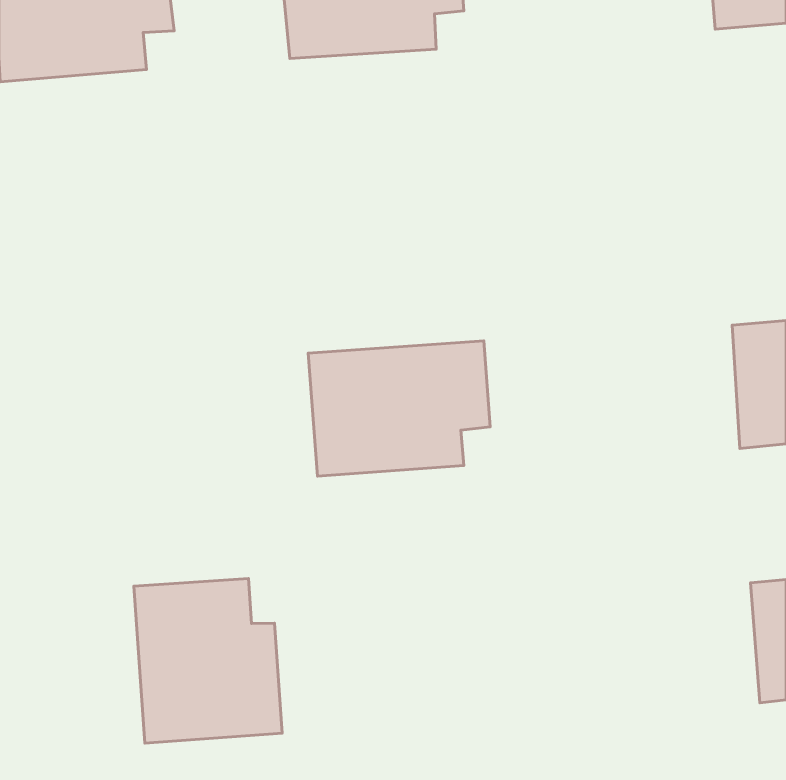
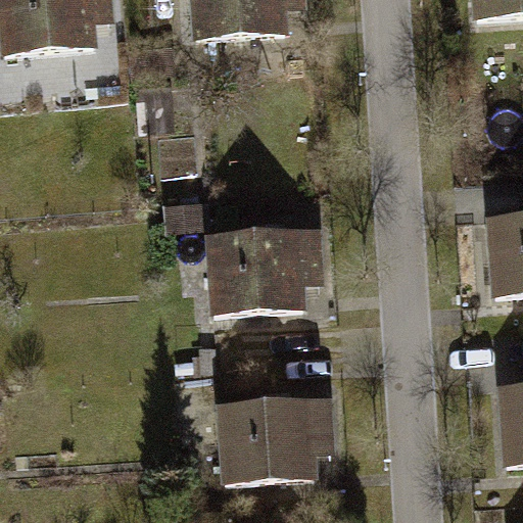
building: [134,579,282,743] -> none
building: none -> [221,394,340,482]

